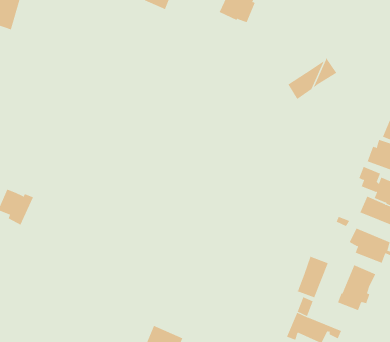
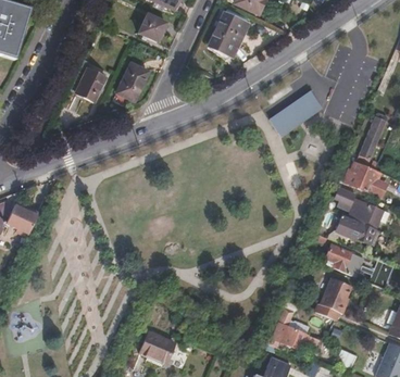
building: none -> [115,64,148,102]
building: none -> [74,70,104,103]
building: [296,256,328,298] -> none

